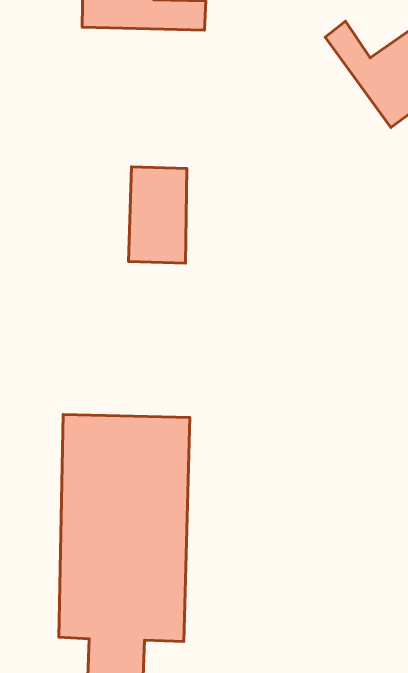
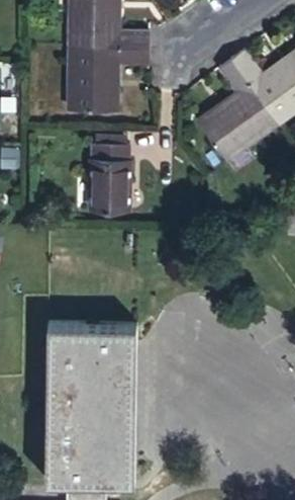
building: none -> [62,50,149,114]
building: none -> [199,57,278,156]

